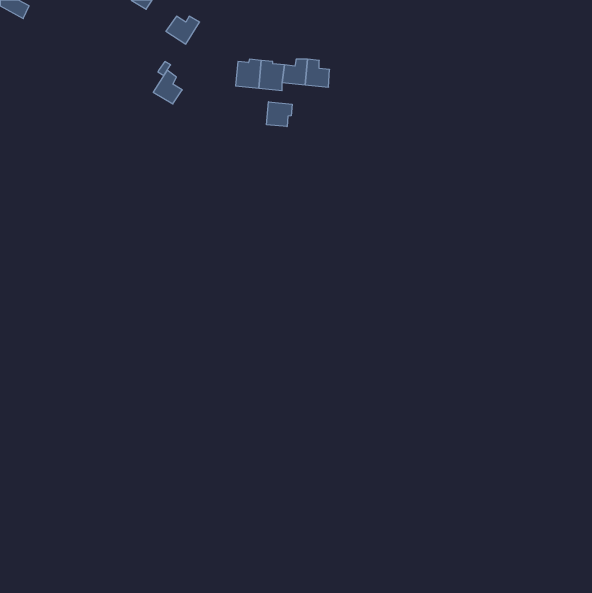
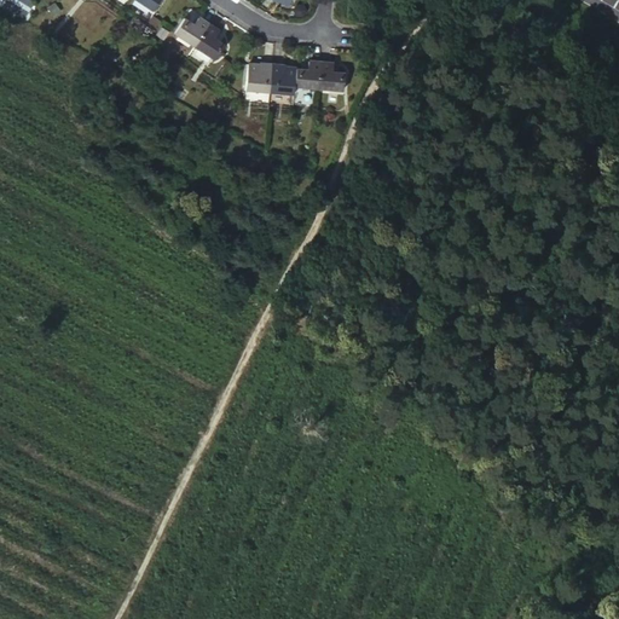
building: [153,70,182,104] -> [195,23,225,58]
building: [267,102,292,127] -> none

